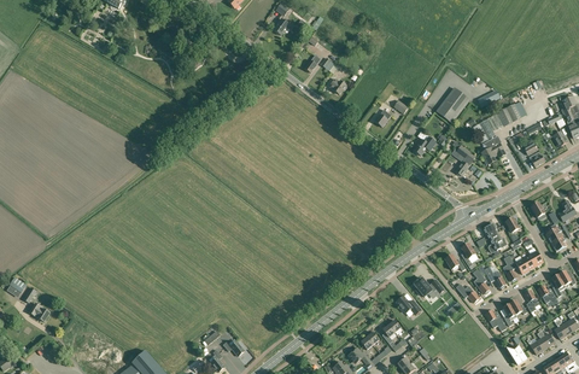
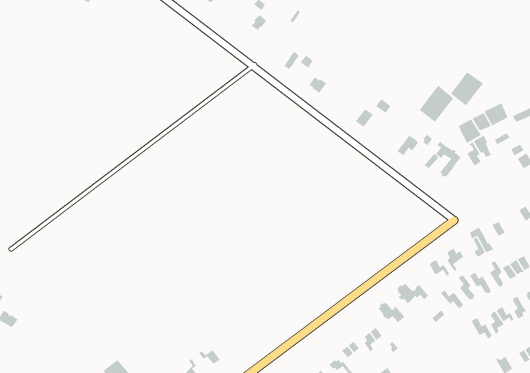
building: none -> [450,71,484,106]

